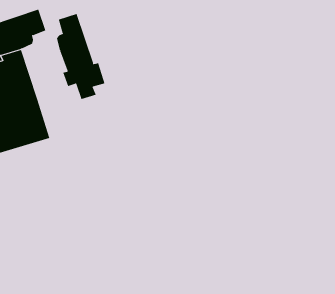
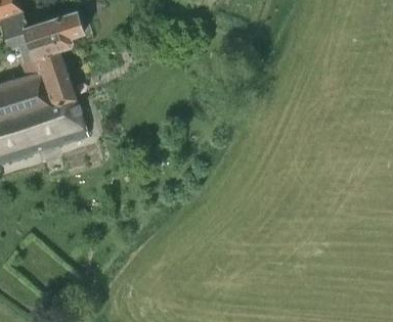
building: [57,13,105,100] -> none

